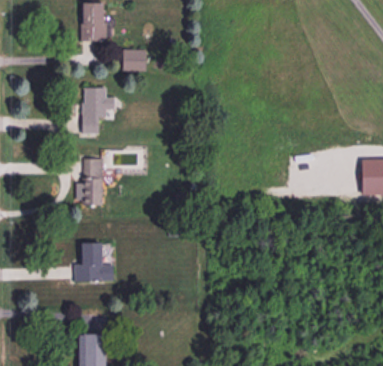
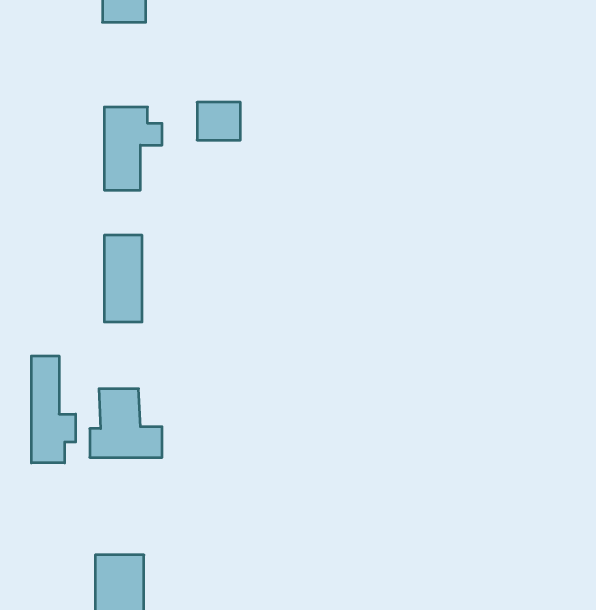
building: [123,49,147,70] -> [197,102,240,140]
building: none -> [31,356,76,463]

